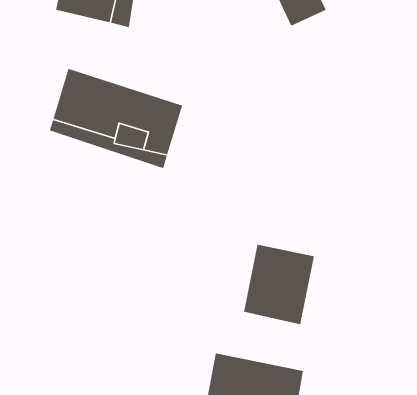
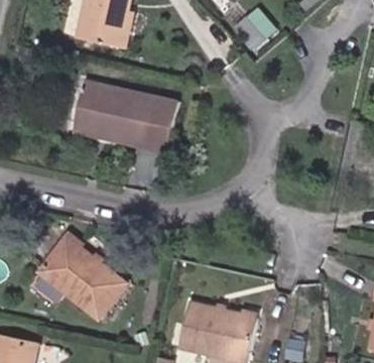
building: [243,244,315,325] -> none
building: none -> [32,237,118,322]

